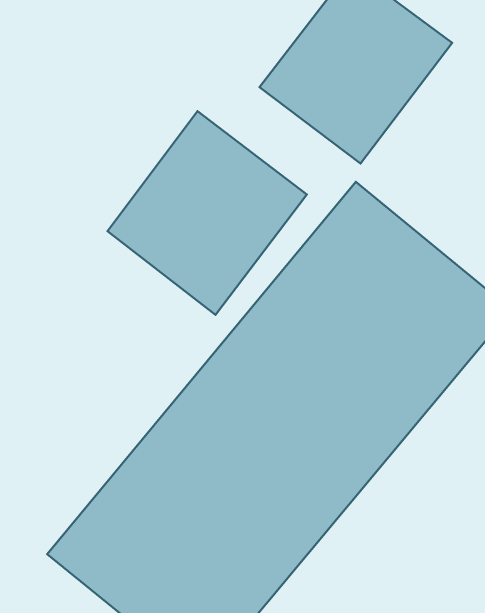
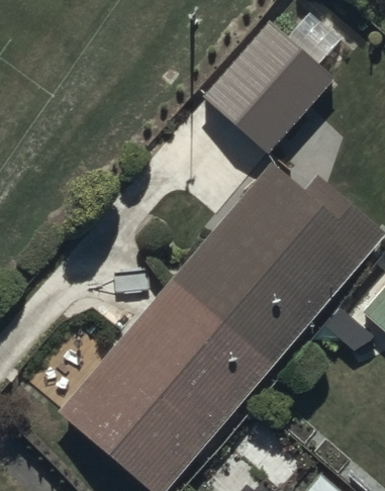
building: [108,111,307,315] -> none

